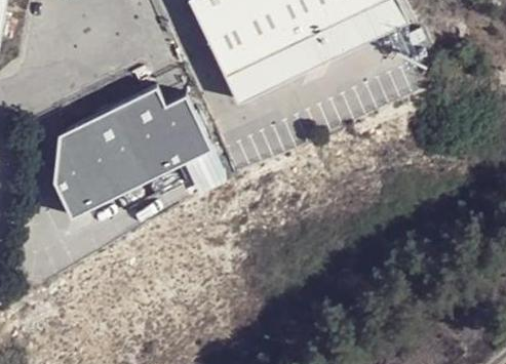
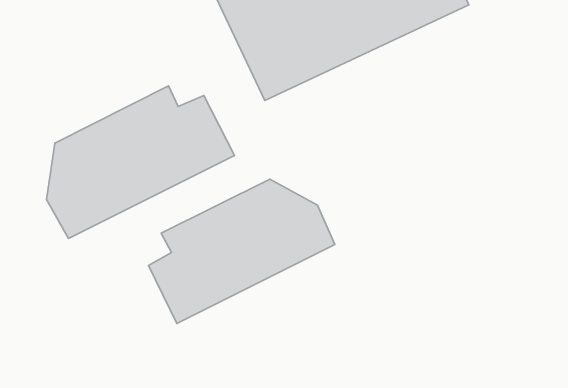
building: none -> [149,179,335,323]

